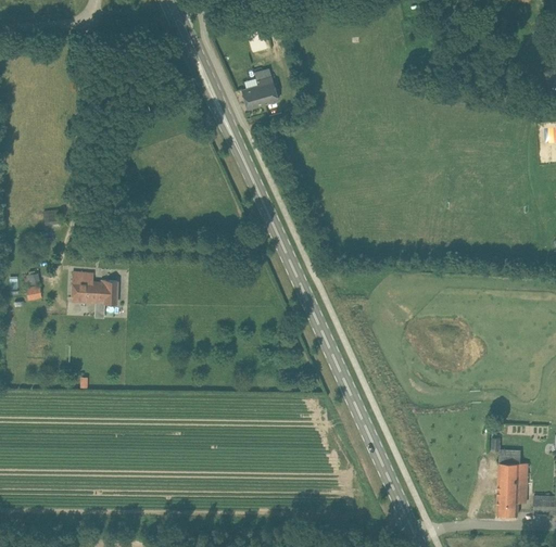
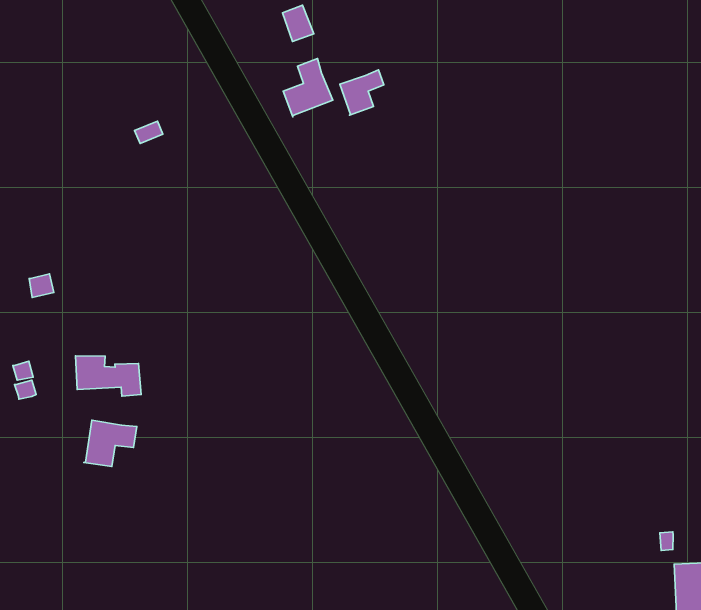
building: none -> [340,70,384,115]
building: none -> [84,420,137,466]

